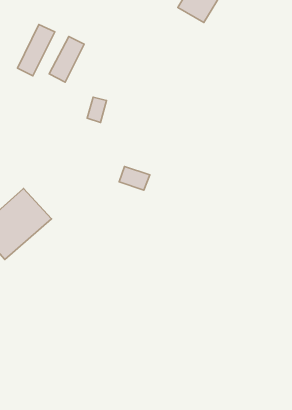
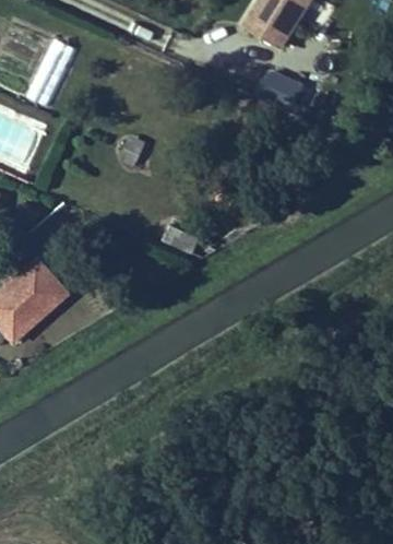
building: [49,37,84,82] -> none
building: none -> [263,71,302,104]

